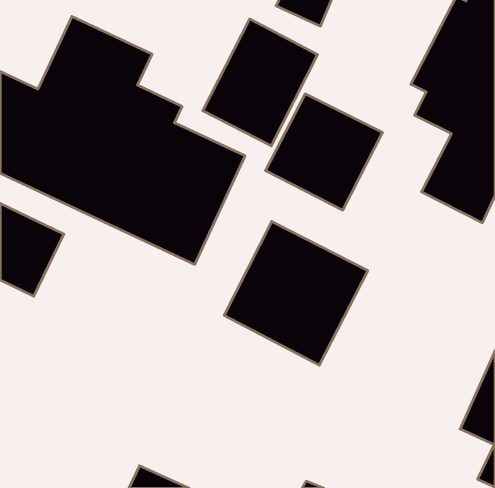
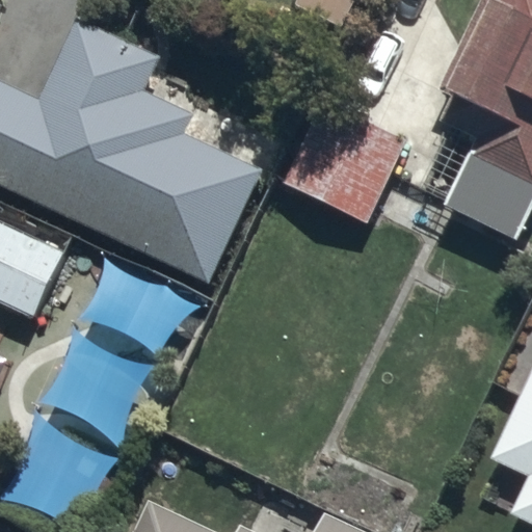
building: [203,19,318,146] -> none
building: [224,221,368,365] -> none

